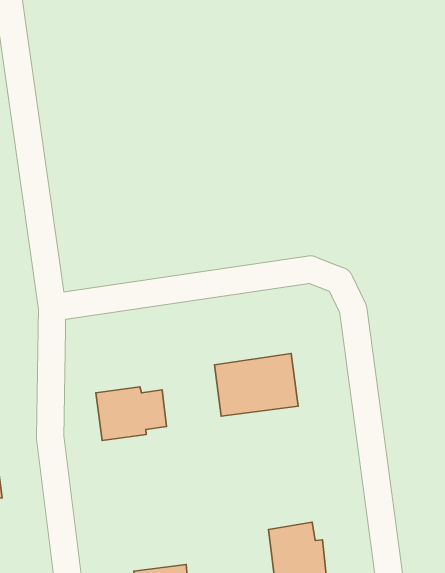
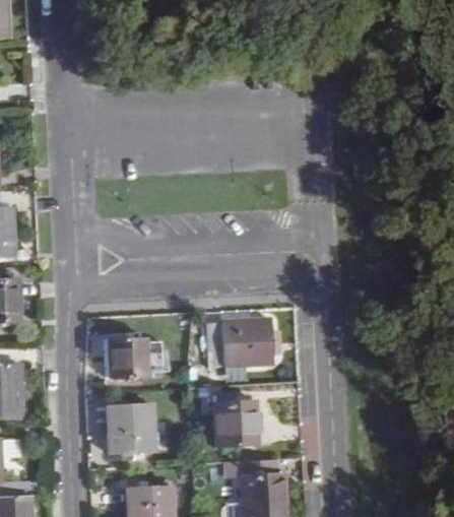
building: none -> [214,400,257,447]
building: none -> [107,404,153,455]

